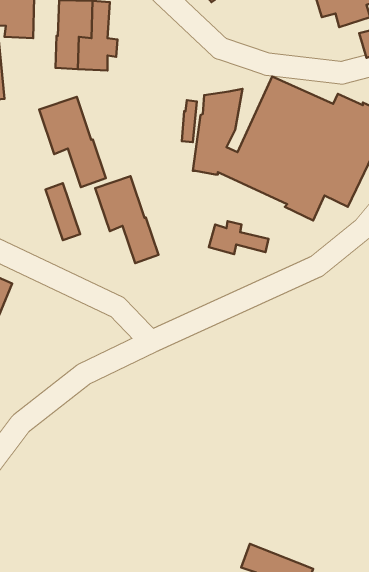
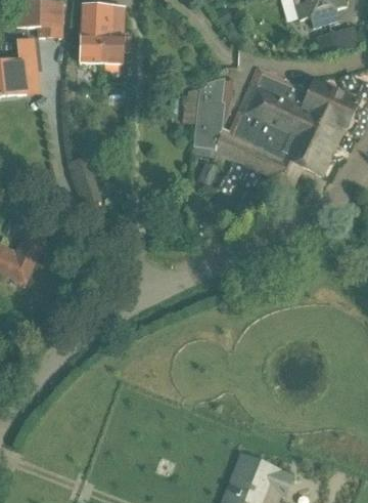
building: [39,97,106,187] -> none
building: [95,176,159,263] -> none
building: [209,221,269,254] -> none

